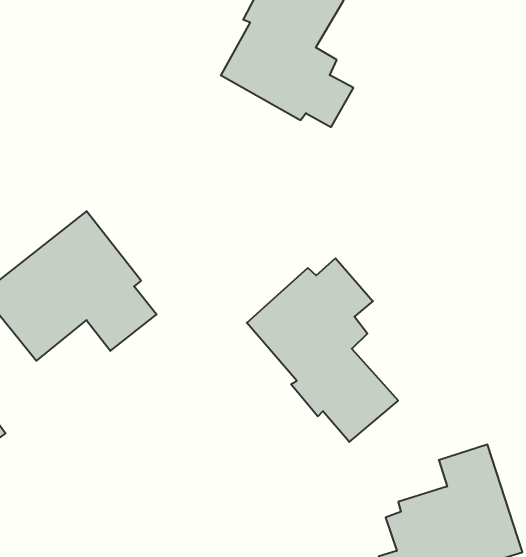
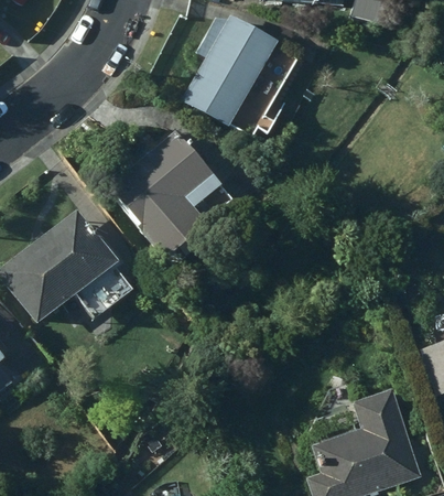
building: none -> [107,131,230,258]
building: [247,258,398,442] -> none

